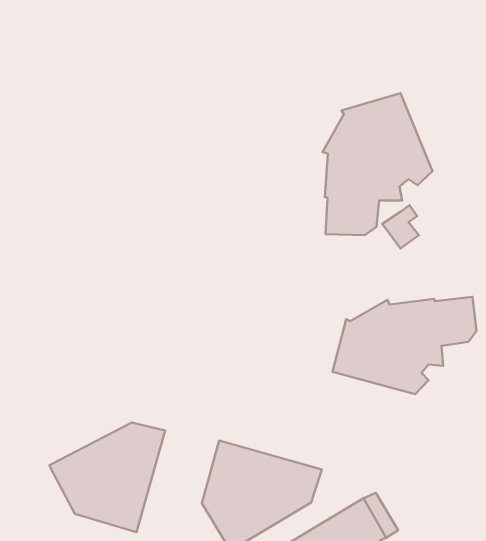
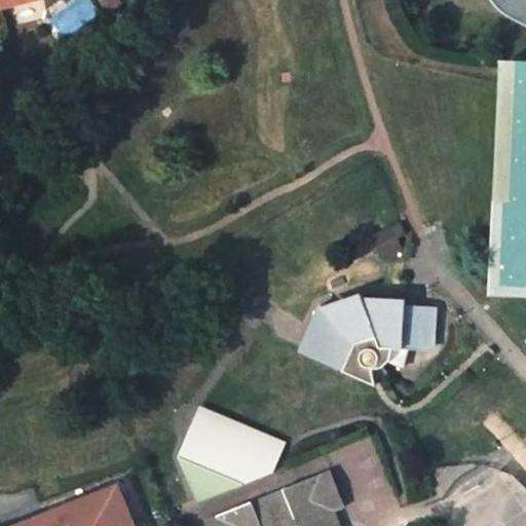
building: [322,93,432,235] -> none
building: [49,423,165,532] -> none

